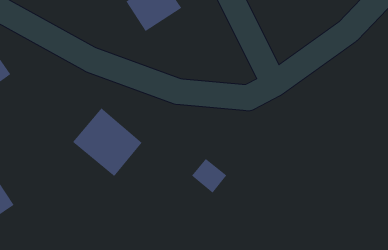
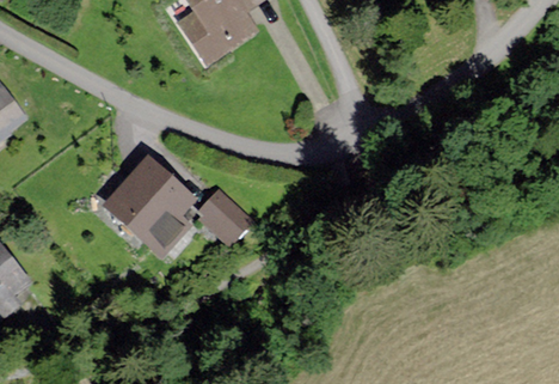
building: [191,158,227,193] -> [201,196,248,243]

